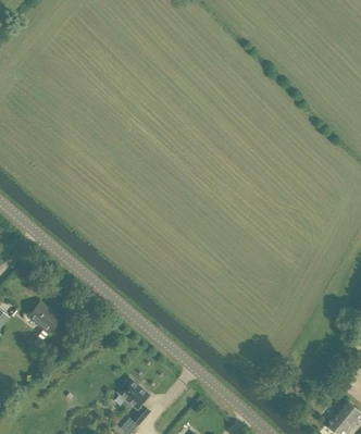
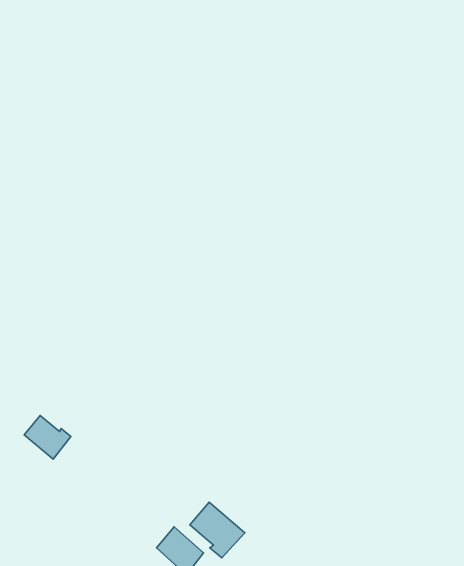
building: none -> [190,502,245,558]

